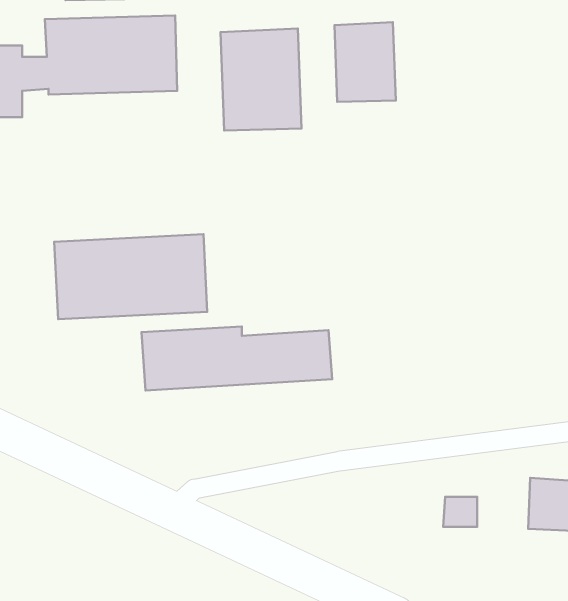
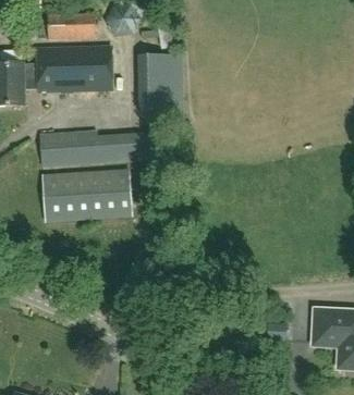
building: [334,22,396,102] -> none
building: [142,326,332,391] -> [40,129,150,166]

